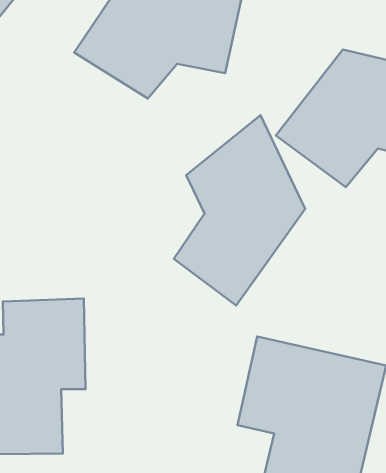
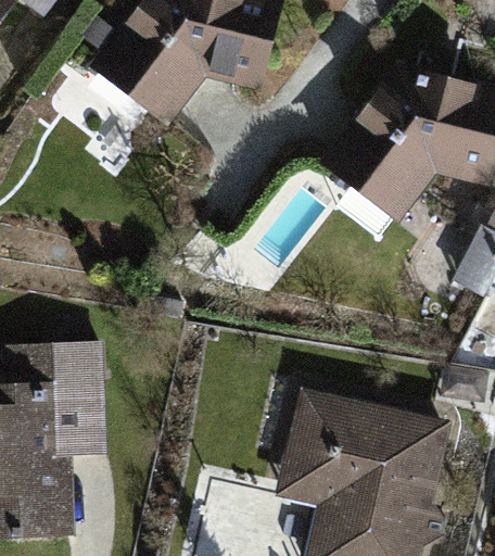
building: [174,115,305,306] -> none

